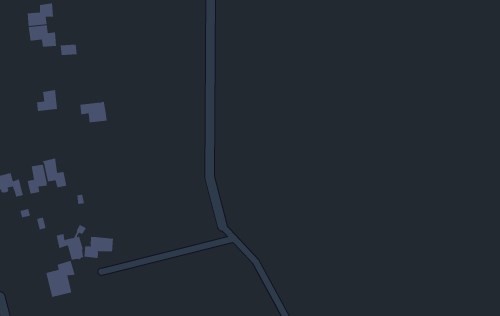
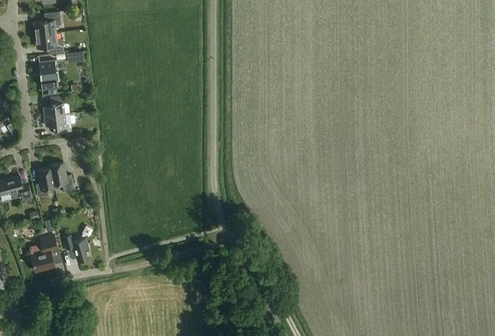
building: none -> [38,59,58,89]
building: [80,101,108,123] -> [44,113,71,134]
building: [84,236,113,259] -> none
building: [45,260,75,298] -> [28,235,57,271]

